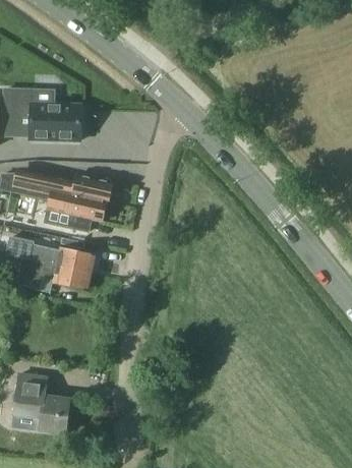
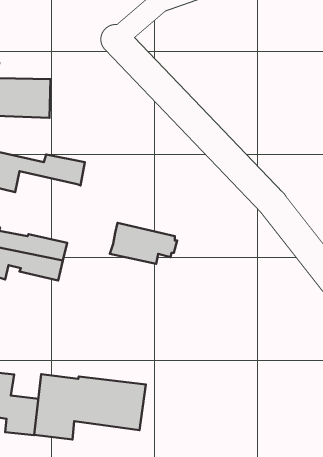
building: [45,190,107,228] -> [110,223,177,264]
building: none -> [34,374,146,440]

